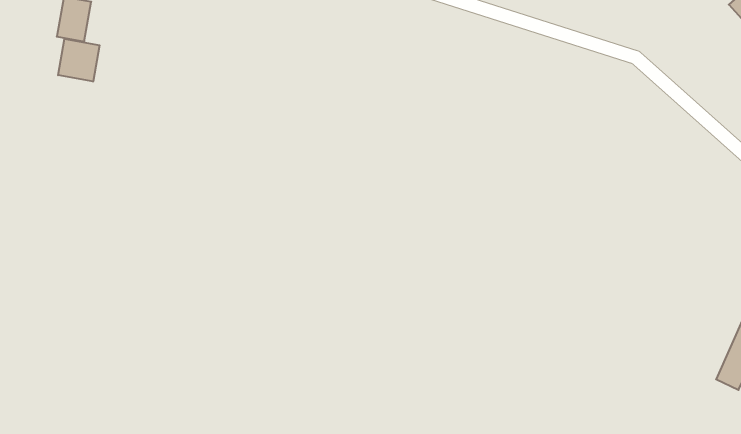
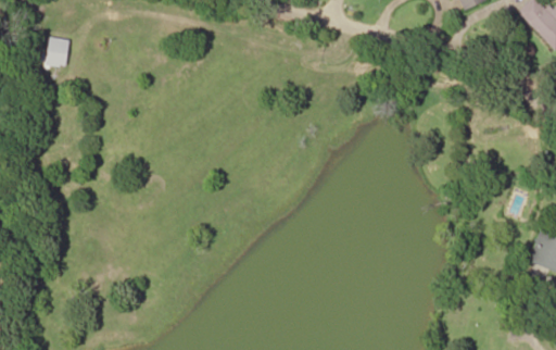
building: [58,39,100,82] -> none

